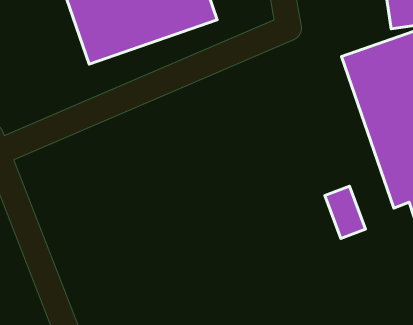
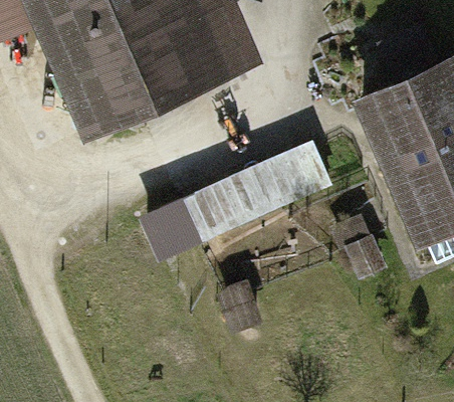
building: none -> [144,148,314,258]

